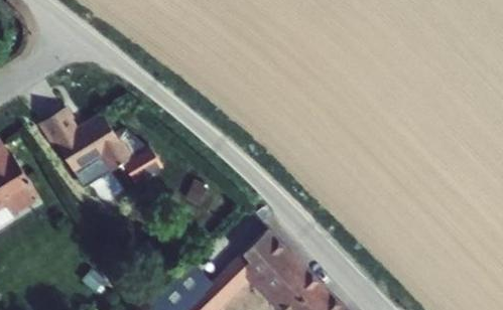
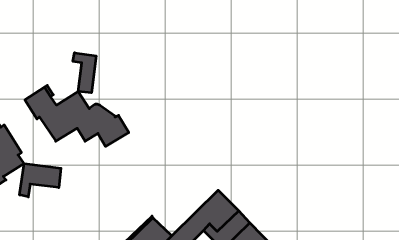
building: none -> [73,53,96,93]
building: none -> [20,164,61,197]

